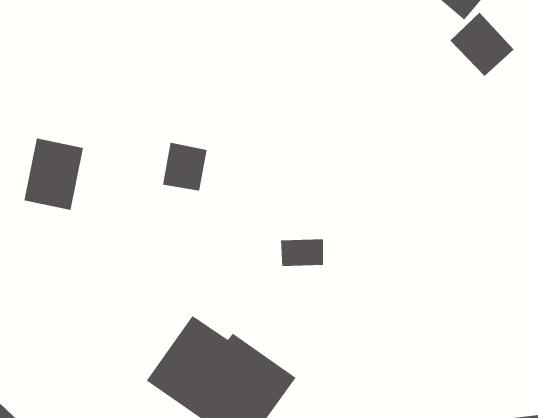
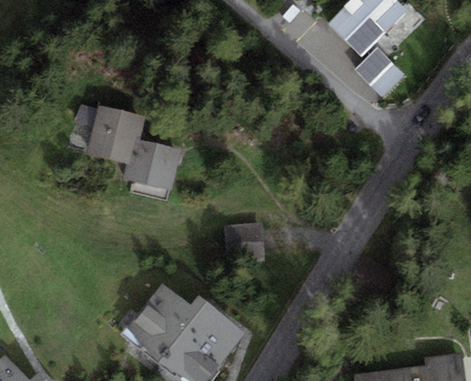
building: [24,138,84,210] -> [86,107,134,165]

